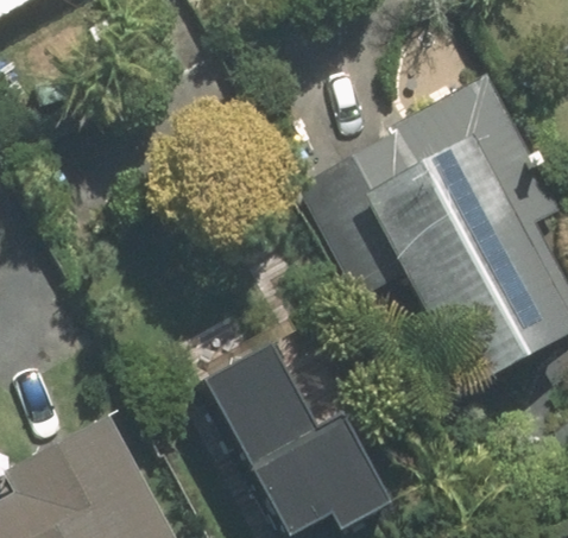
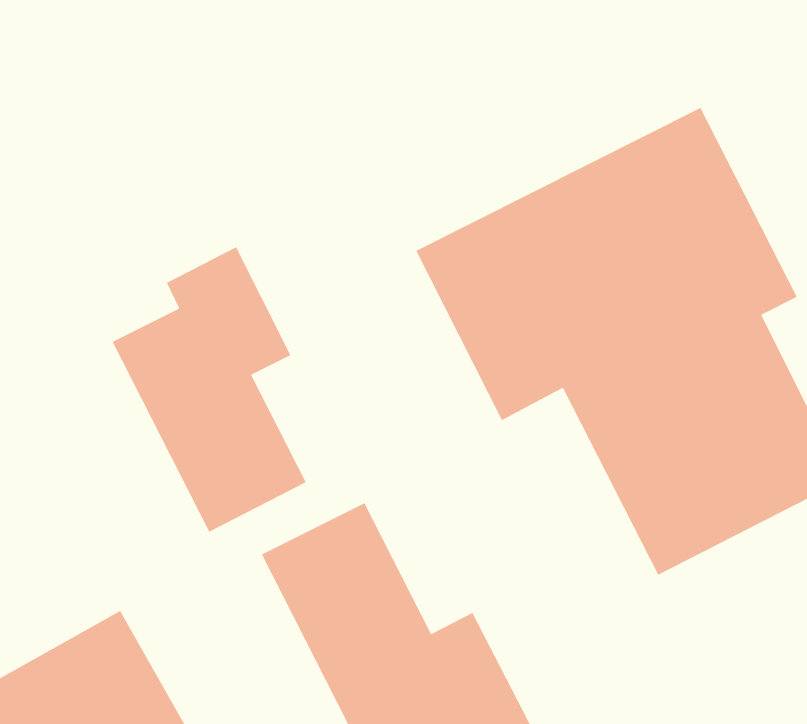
building: none -> [112,246,307,533]

